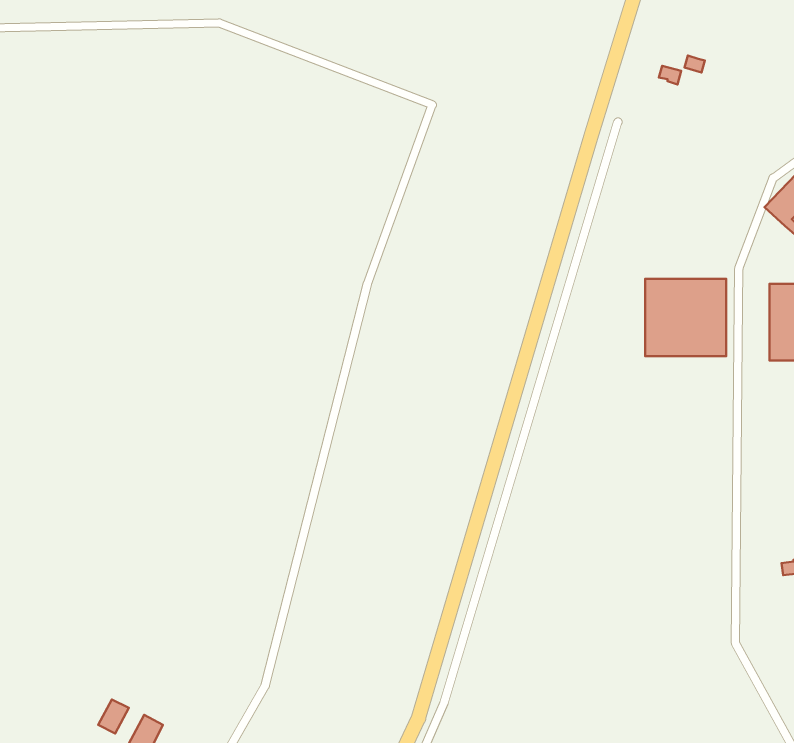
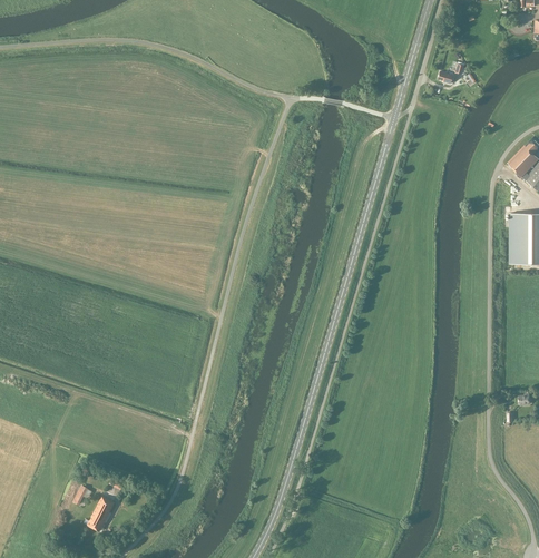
building: [645,279,726,356] -> none

